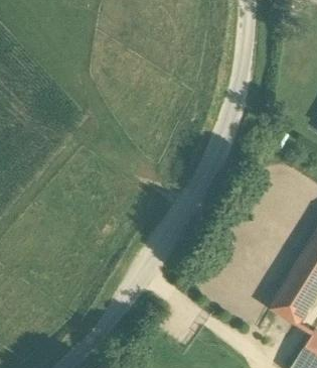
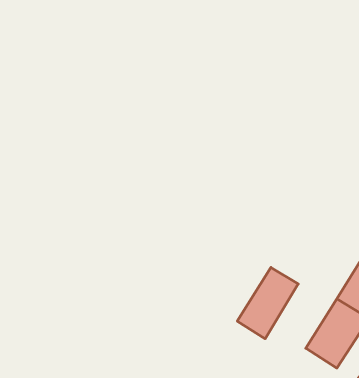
building: none -> [237,267,298,339]

